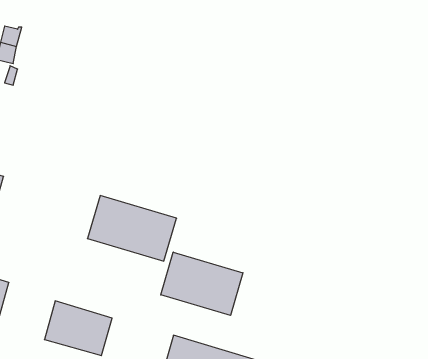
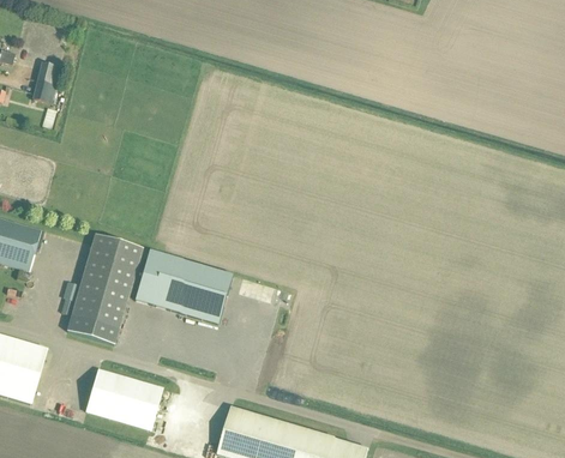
building: none -> [67,233,142,343]
building: [161,252,243,315] -> none

